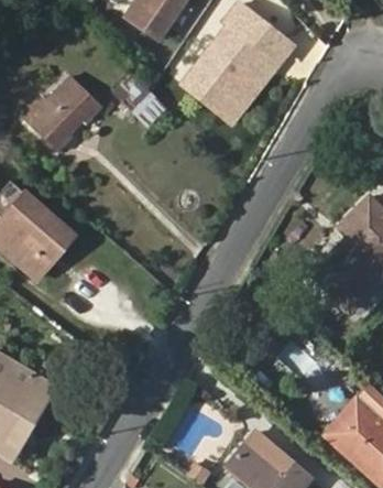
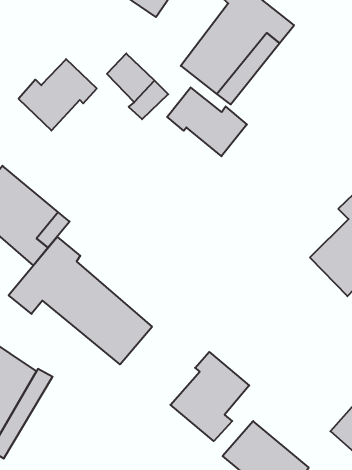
building: none -> [167,87,247,156]
building: none -> [9,237,152,364]
building: none -> [170,352,249,441]

